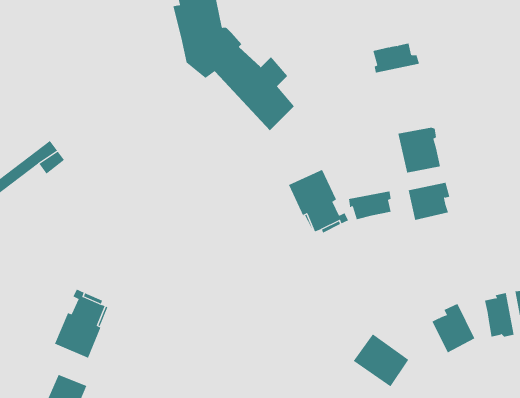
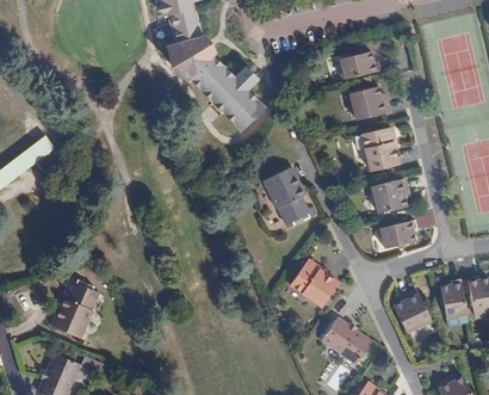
building: none -> [349,87,391,121]
building: [348,191,392,220] -> [377,222,416,248]
building: none -> [290,259,339,308]

